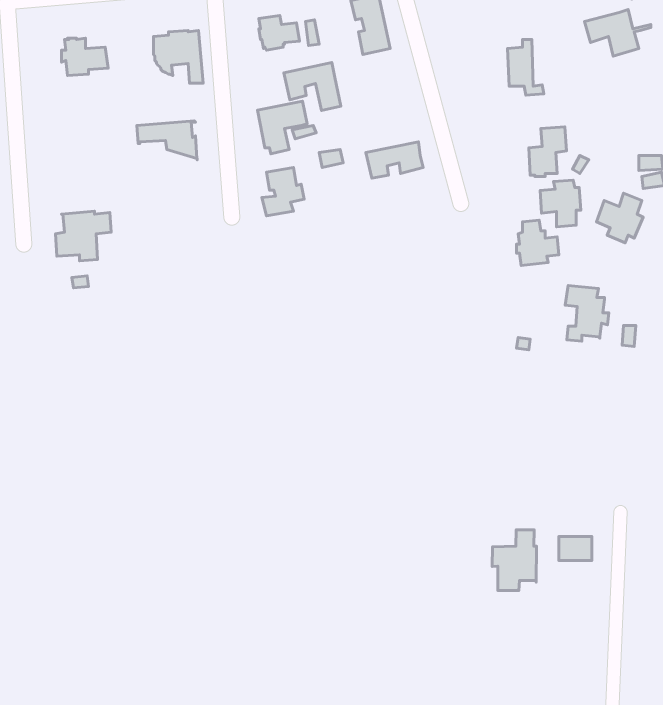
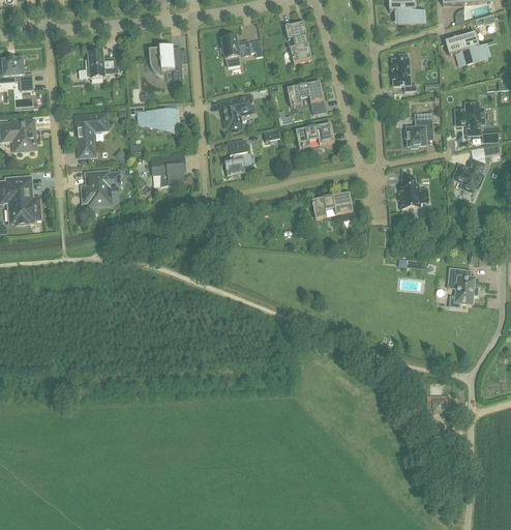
building: [284,62,341,111] -> [287,81,326,114]
building: none -> [76,114,107,156]
building: [540,180,581,227] -> [455,102,483,135]
building: none -> [151,155,185,185]
building: none -> [311,193,353,218]
building: [565,286,609,341] -> [448,268,478,306]
building: [492,530,537,591] -> none

